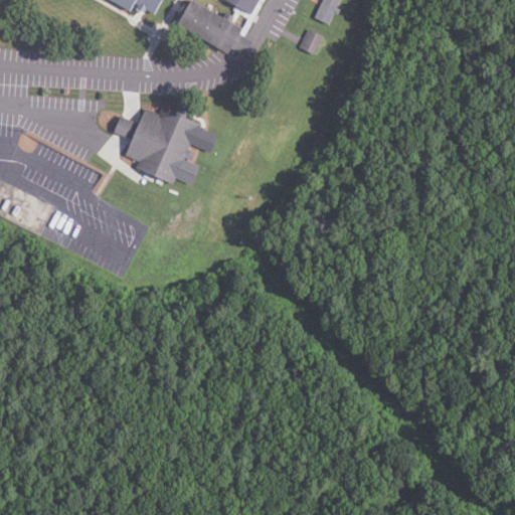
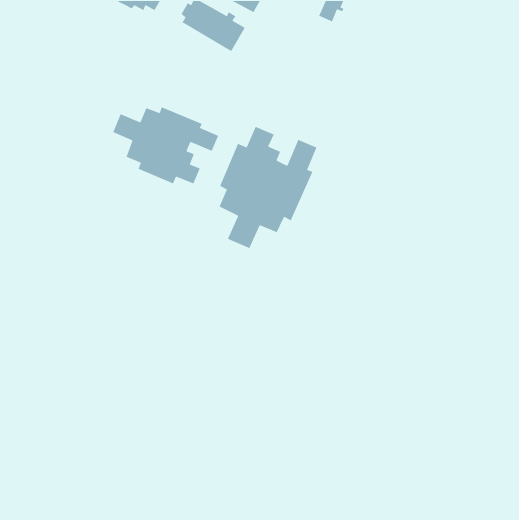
building: [299,29,323,55] -> none
building: none -> [218,126,317,249]

